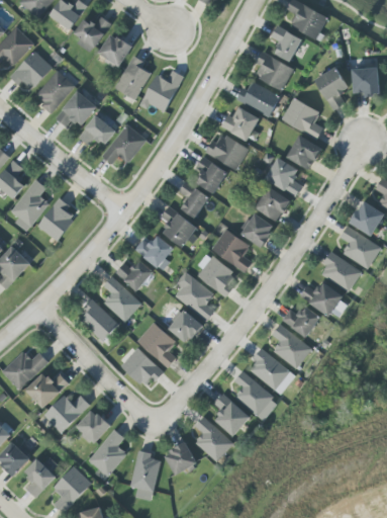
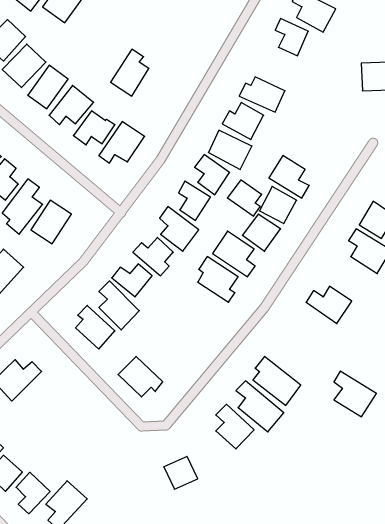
building: [74,14,110,54] -> none
building: [97,33,131,68] -> none
building: [254,52,292,90] -> none
building: [314,67,348,111] -> none
building: [138,70,183,112] -> none
building: [281,97,322,139] -> none
building: [286,136,320,170] -> none
building: none -> [227,180,262,216]
building: [320,252,361,291] -> none
building: [174,272,214,320] -> none
building: [281,306,319,337] -> none
building: [166,308,202,344] -> none
building: [135,323,176,367] -> none
building: [271,325,311,368] -> [334,371,376,417]
building: [24,372,68,409] -> none
building: [42,396,89,433] -> none
building: [75,409,110,444] -> none
building: [194,416,232,462] -> none
building: [87,429,126,477] -> none
building: [129,450,159,501] -> none

